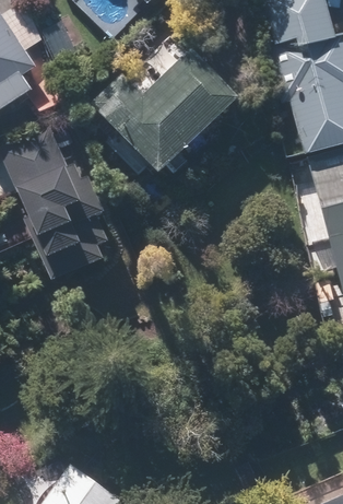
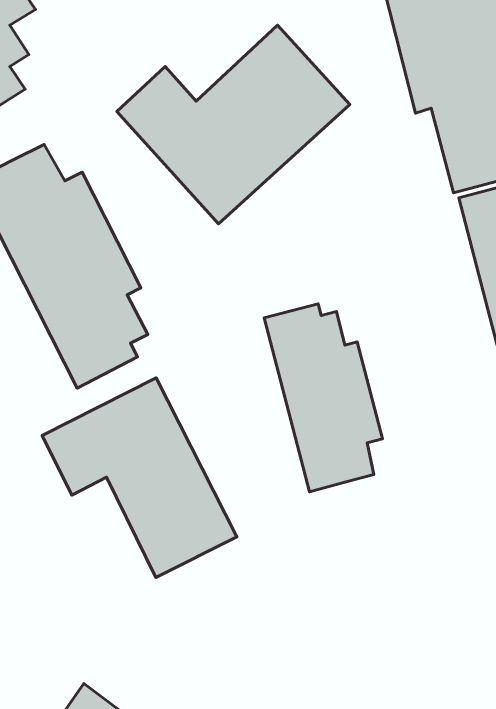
building: none -> [264,304,383,492]
building: none -> [42,378,237,578]

